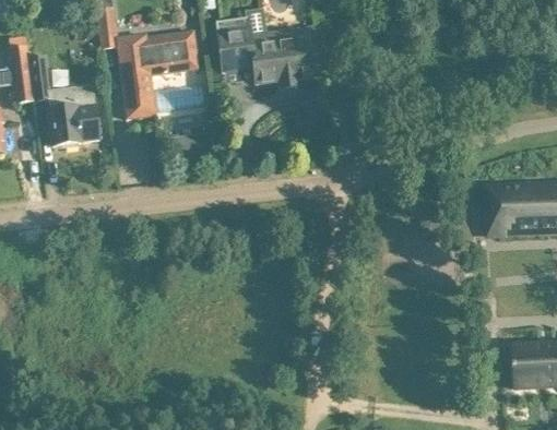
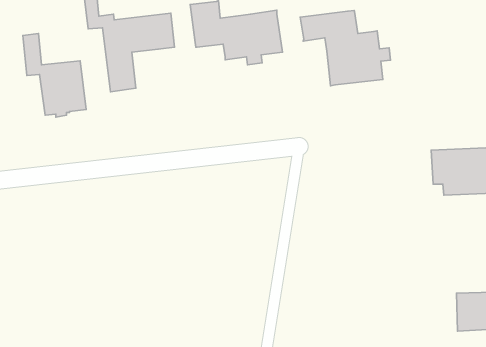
building: none -> [300,11,391,86]
building: [7,46,32,103] -> none

